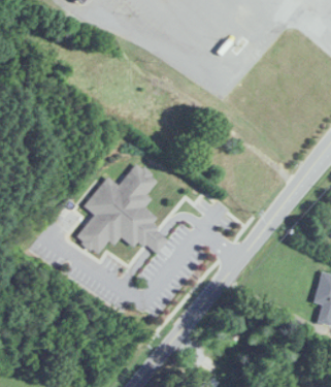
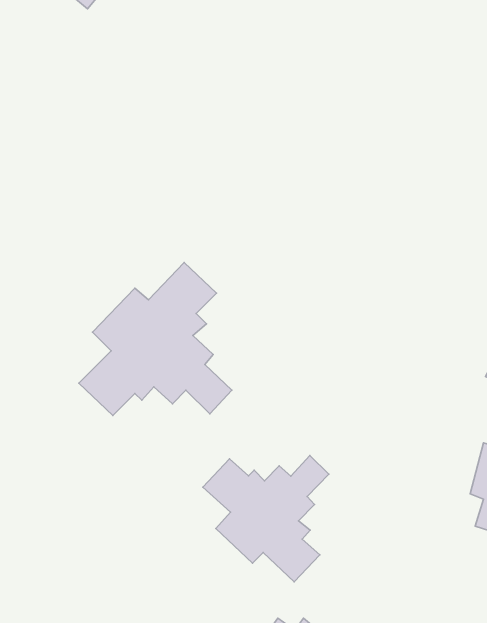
building: none -> [203,456,329,582]

